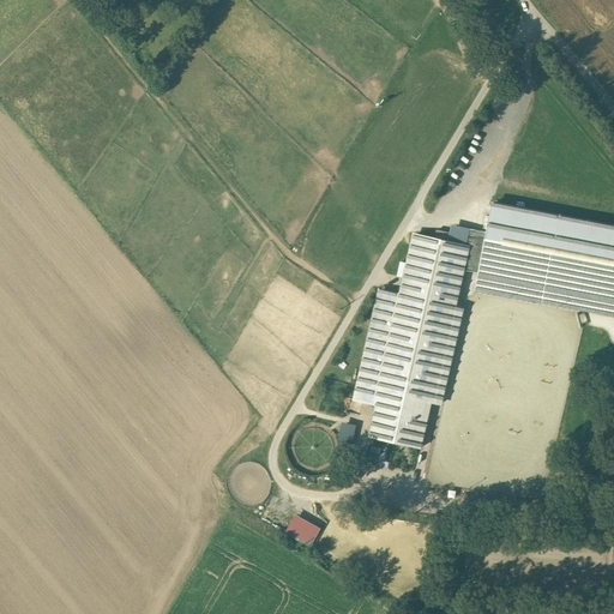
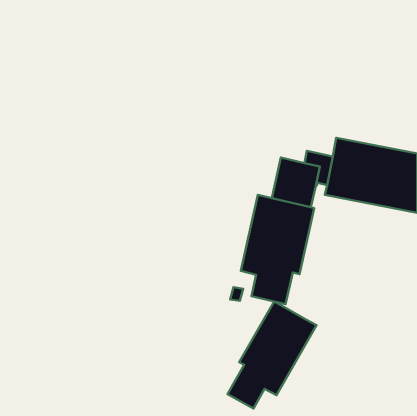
building: none -> [228,302,316,408]
building: [287,513,320,544] -> none

